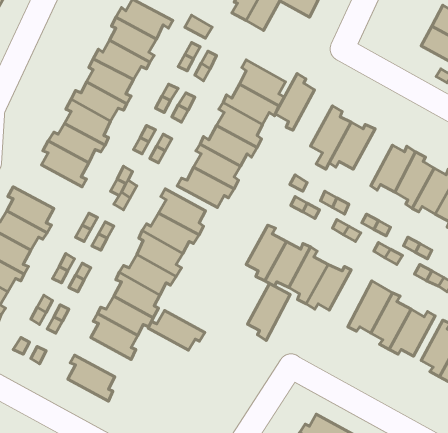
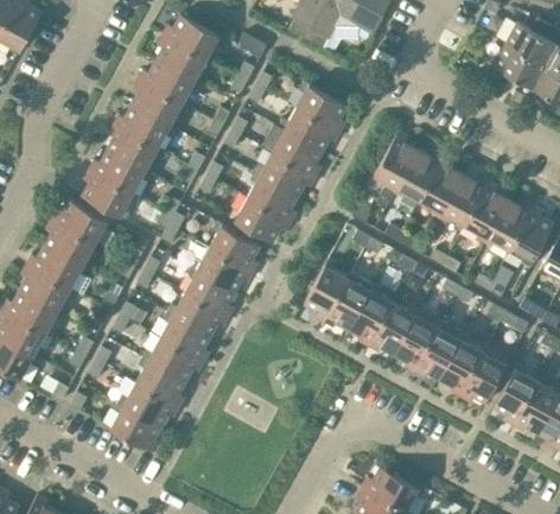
building: [275,73,315,130] -> [420,157,463,218]
building: none -> [51,199,113,243]
building: [248,284,290,340] -> [394,310,440,372]
building: [148,311,205,350] -> [117,383,179,426]

